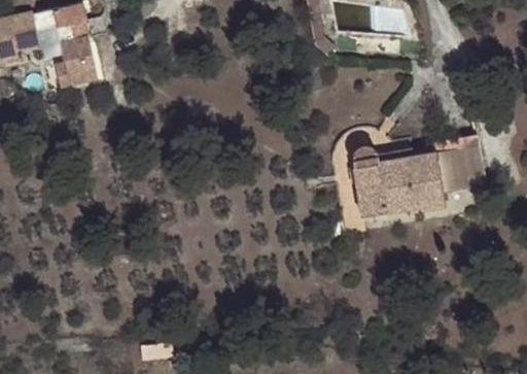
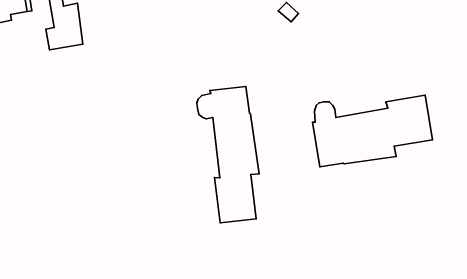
building: none -> [197,86,259,223]

